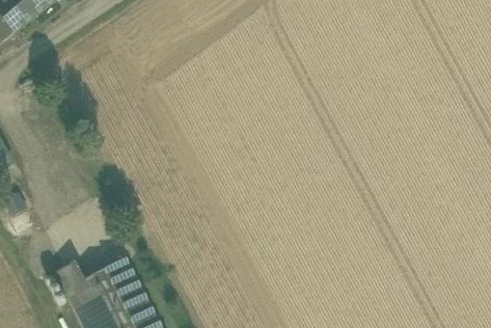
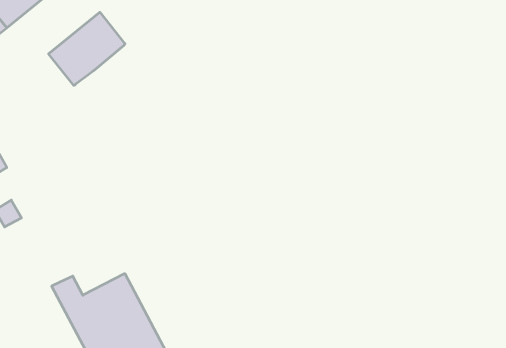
building: none -> [49,12,125,85]

